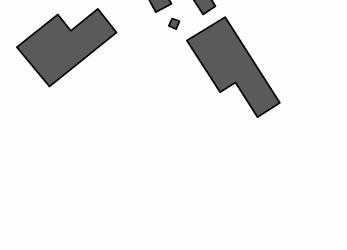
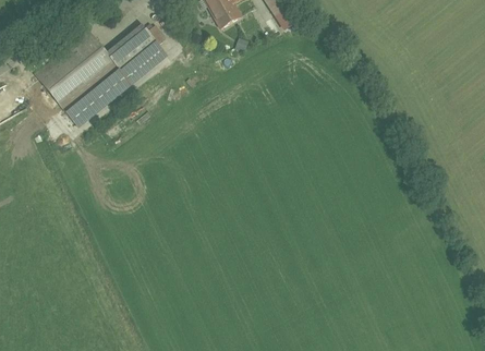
building: [187,17,280,117] -> none

